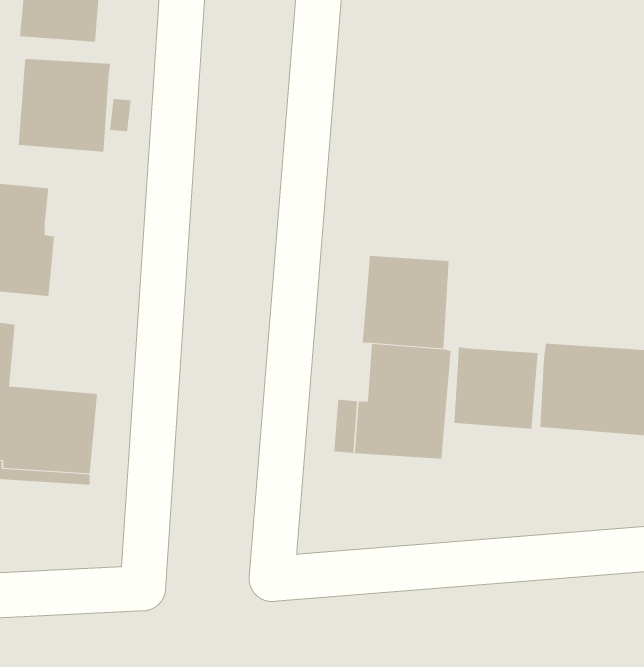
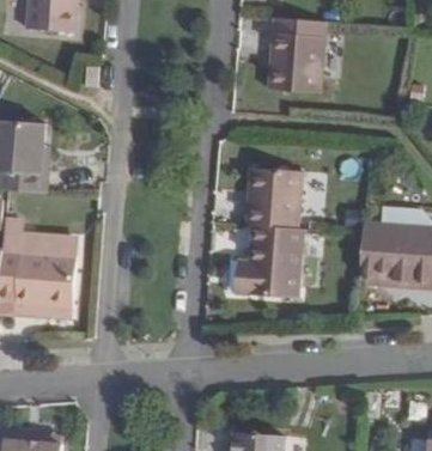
building: none -> [269,33,324,93]
building: [18,58,111,153] -> none
building: [454,346,538,429] -> none

